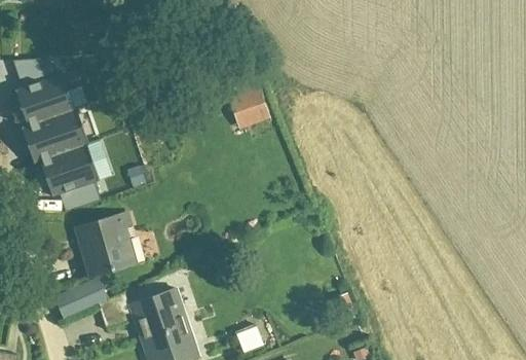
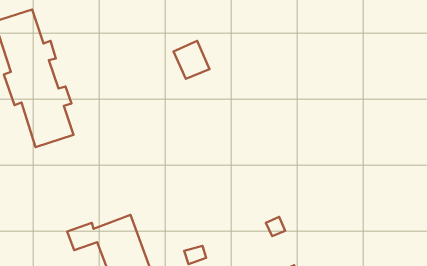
building: [73,214,142,277] -> none
building: [52,280,106,319] -> none

